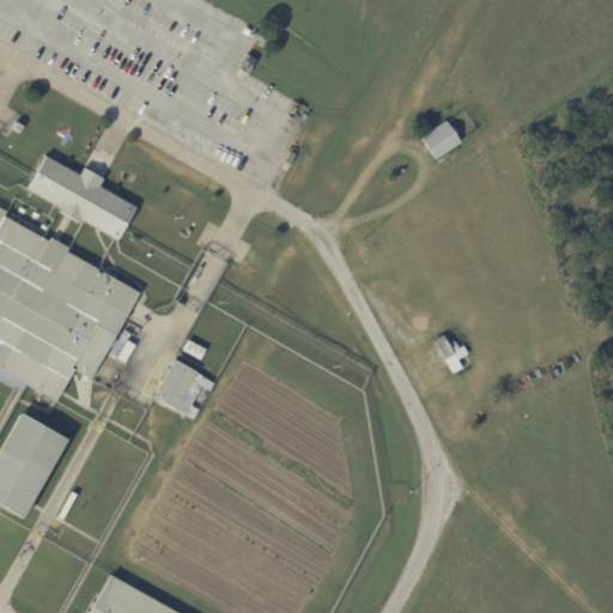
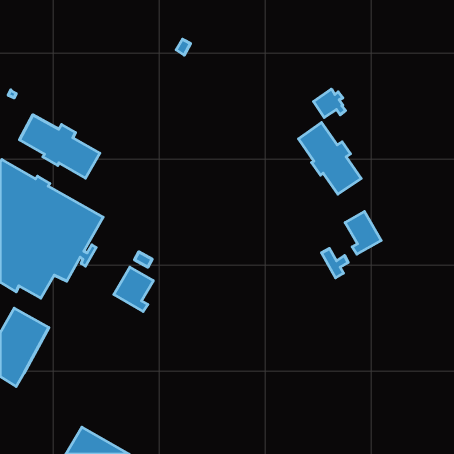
building: none -> [298,122,361,194]
building: none -> [345,211,381,254]

